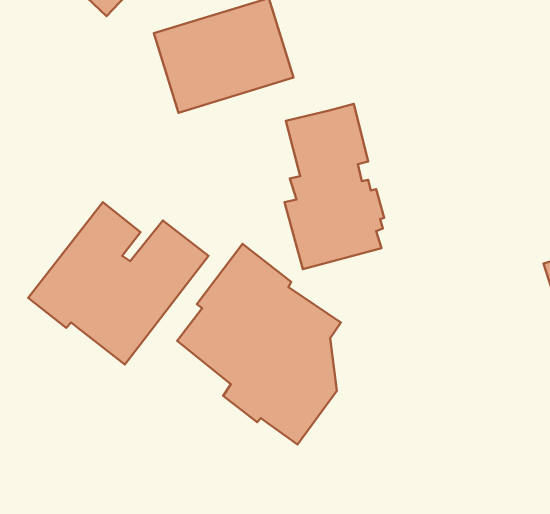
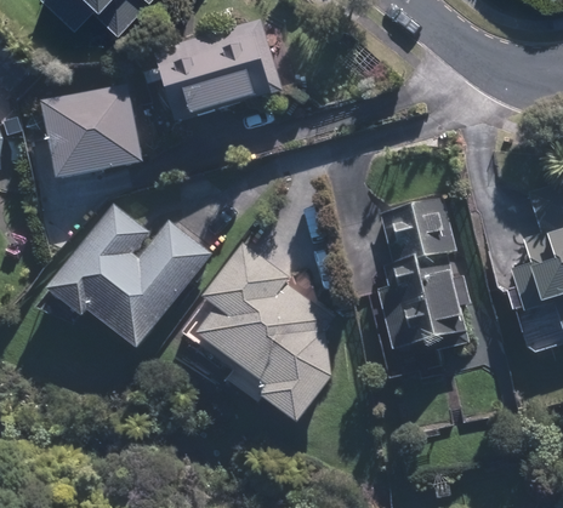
building: none -> [38,78,153,179]
building: [285,104,384,269] -> [381,195,473,348]

